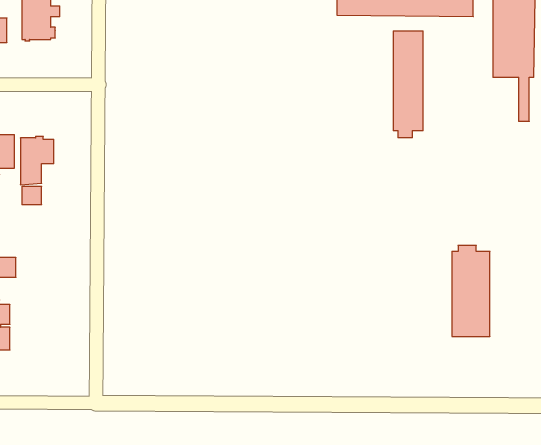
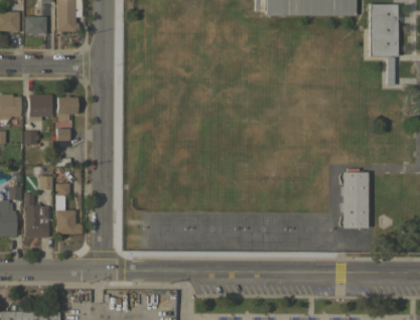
building: [393,31,423,138] -> none
building: none -> [55,183,83,235]

